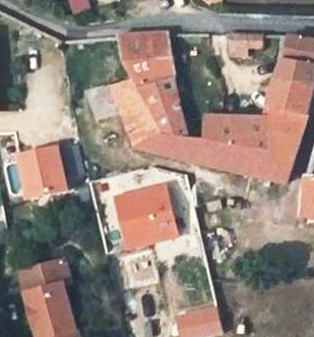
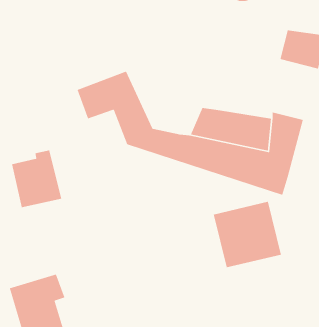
building: [111,34,176,129] -> none
building: [252,81,297,116] -> none
building: [114,183,177,245] -> [213,201,282,268]

